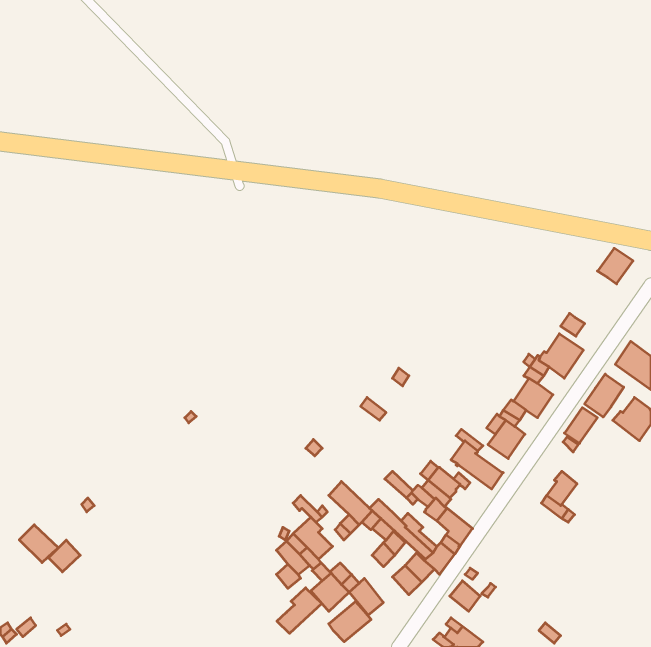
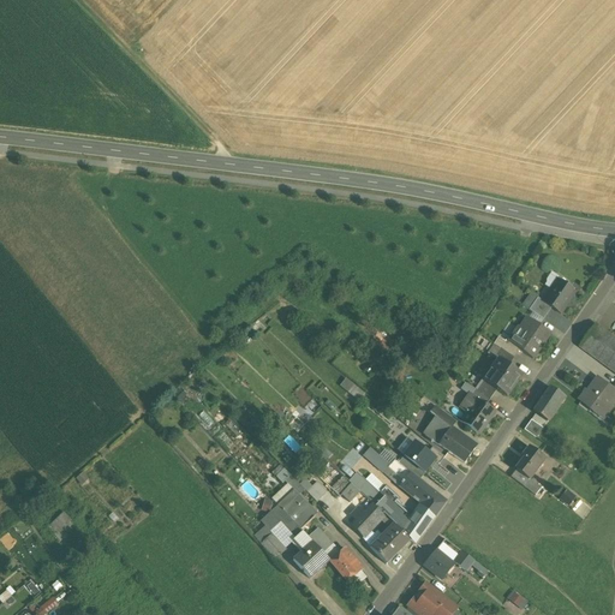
building: [597,248,633,284] -> [542,277,575,311]
building: [585,374,624,417] -> none
building: [19,525,58,563] -> none
building: [277,588,322,633] -> none
building: [329,601,371,642] -> none

